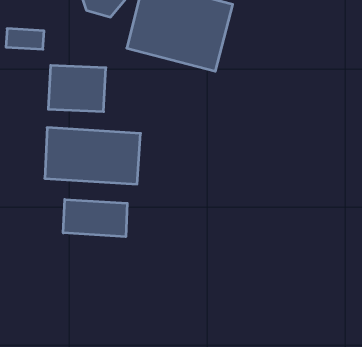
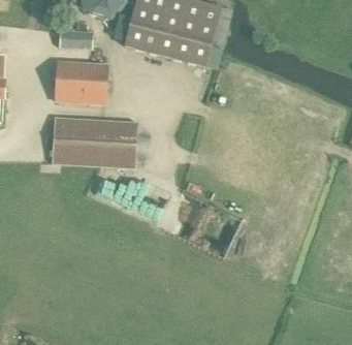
building: [6,29,44,49] -> [59,30,93,49]
building: [63,199,127,237] -> none

